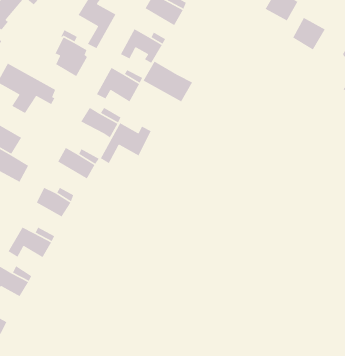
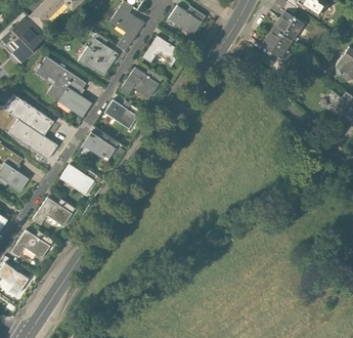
building: [292,17,326,50] -> [260,29,290,58]
building: [143,60,193,102] -> none
building: none -> [58,88,91,118]
building: [100,122,152,164] -> none

